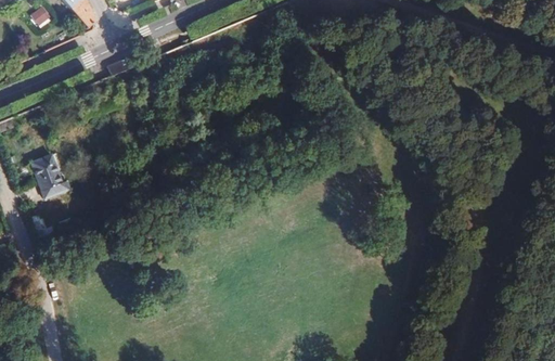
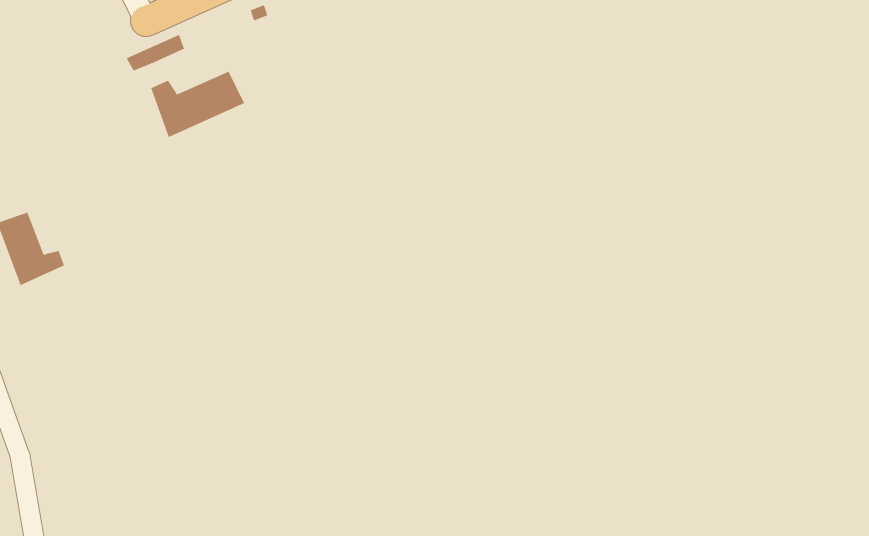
building: none -> [150,71,245,138]

